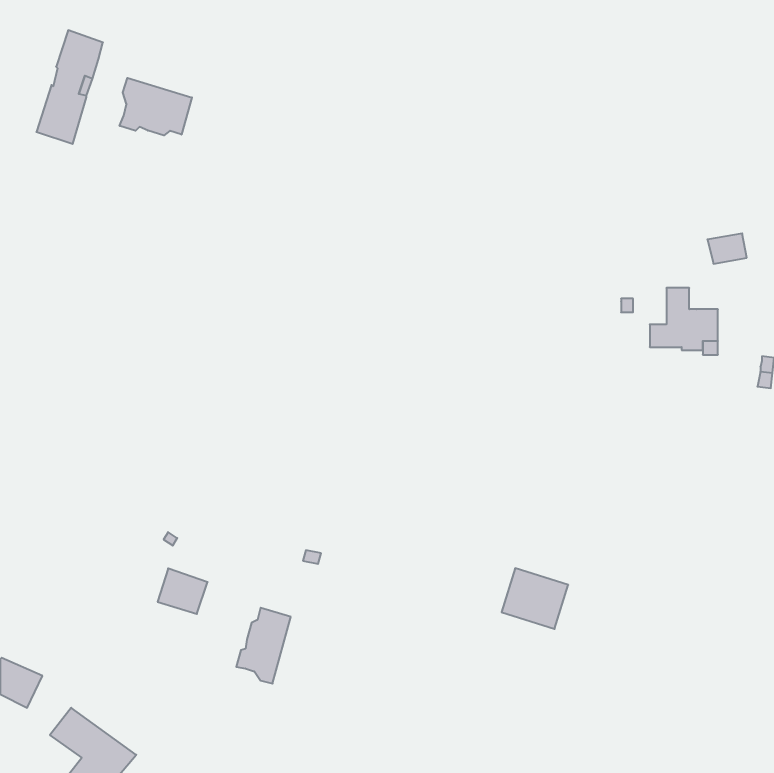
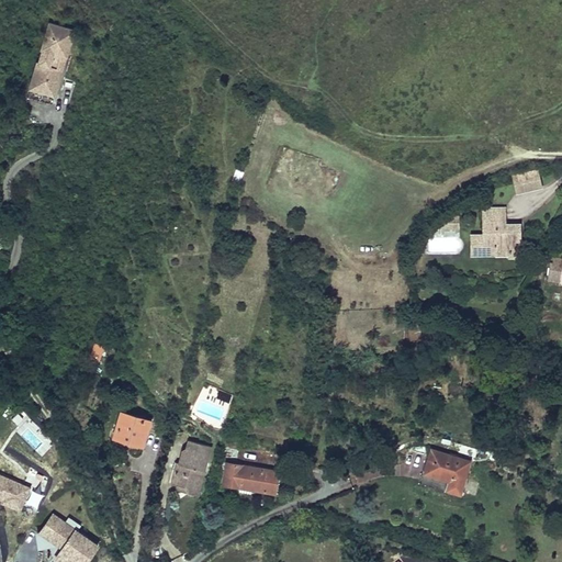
building: [120,78,192,135] -> none
building: [502,568,568,629] -> [422,450,470,494]
building: none -> [223,463,279,494]

